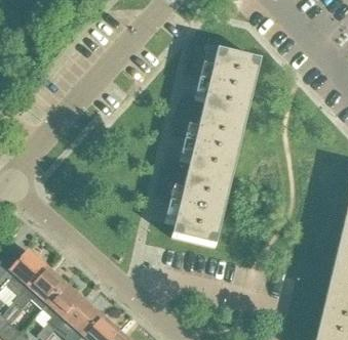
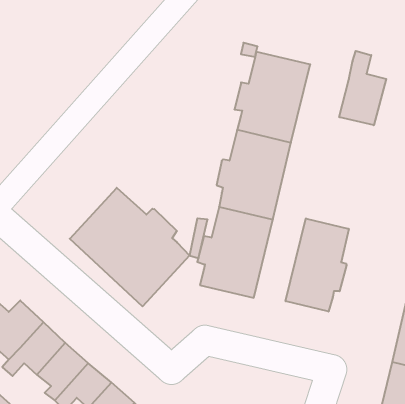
building: none -> [339,51,386,125]
building: none -> [70,188,190,306]
building: none -> [286,218,349,312]

